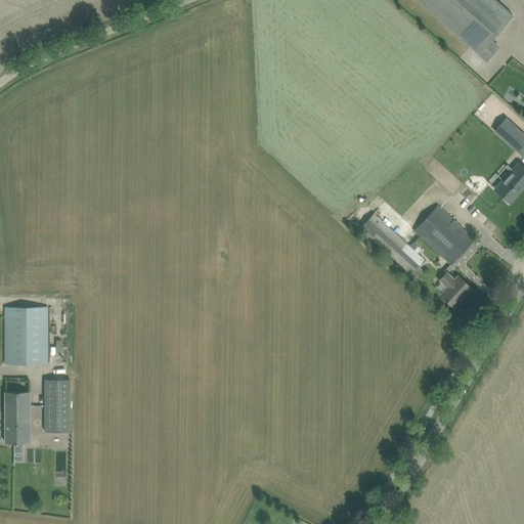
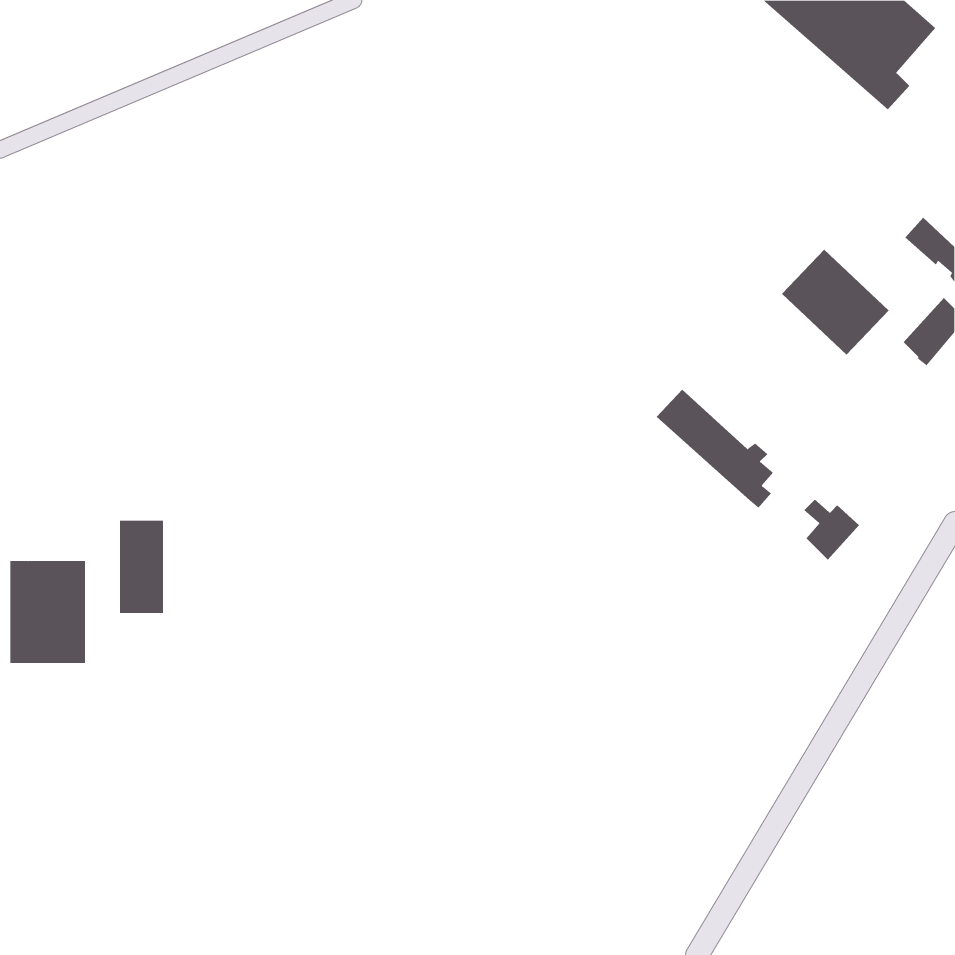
building: [414,205,474,263] -> [781,249,889,355]
building: [45,380,70,431] -> [119,520,164,614]
building: [5,391,30,449] -> none

